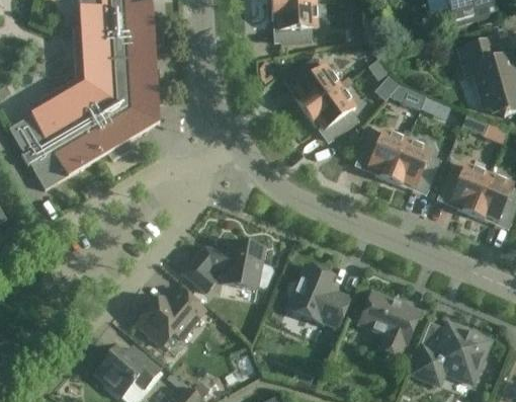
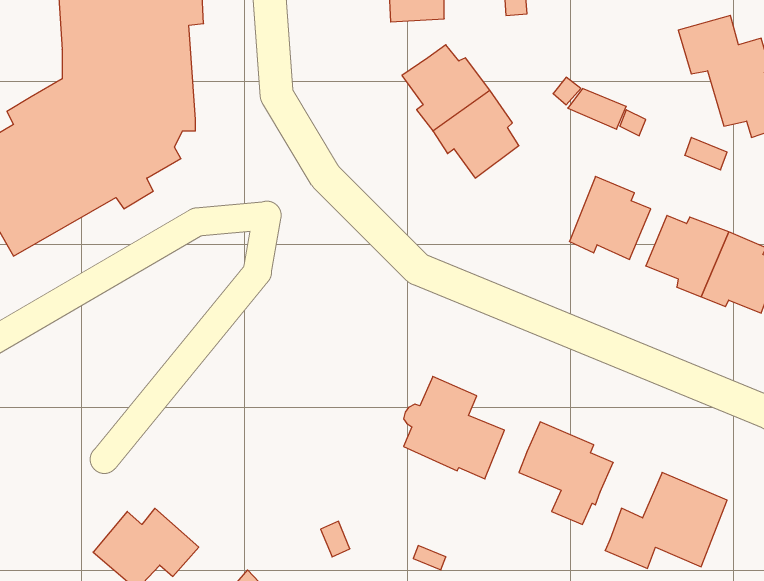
building: [356,130,407,180] -> none
building: [183,241,265,293] -> none
building: [136,288,205,346] -> none

